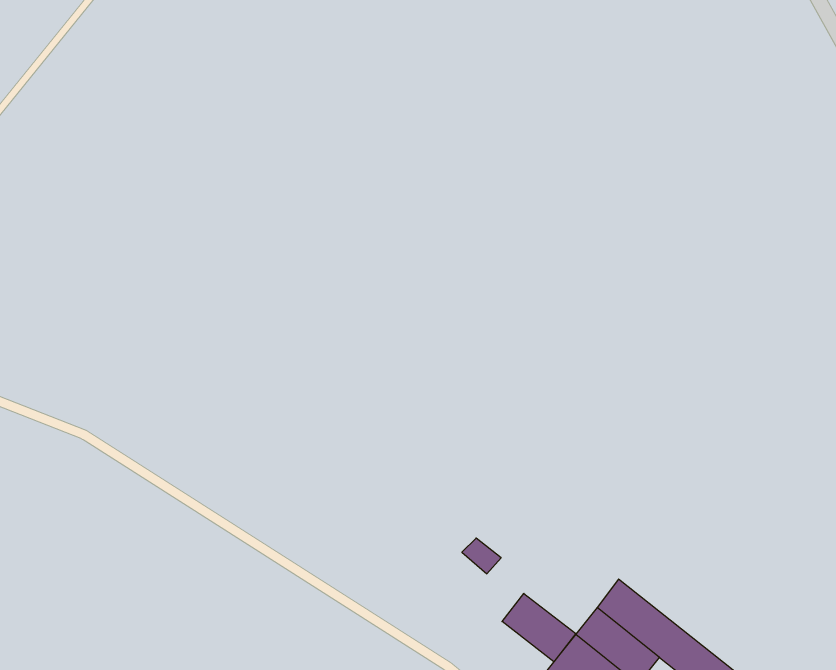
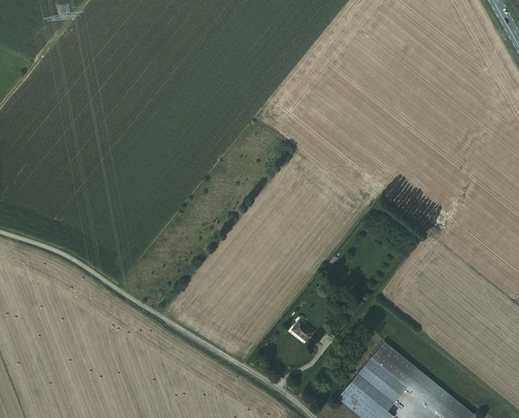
building: [502,593,576,662] -> none

